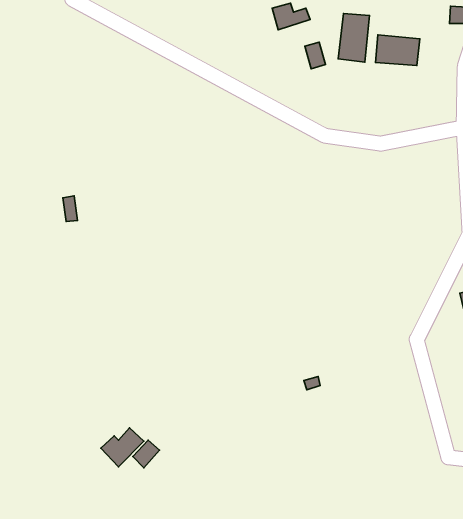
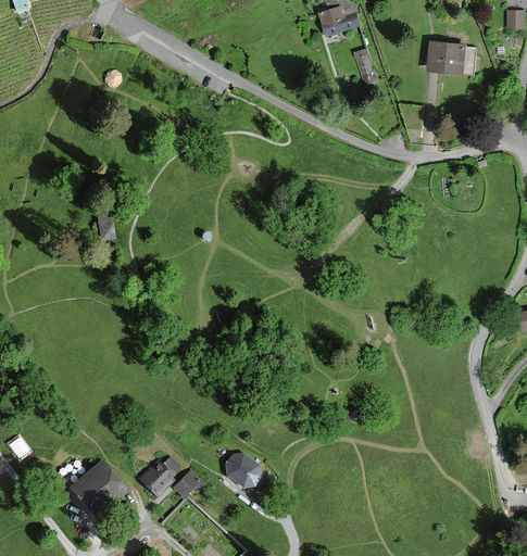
building: [338,13,369,62] -> none
building: none -> [224,453,261,489]
building: none -> [75,464,124,511]

